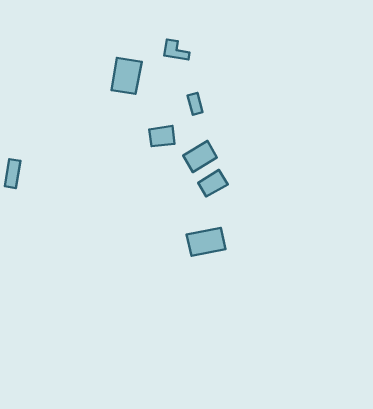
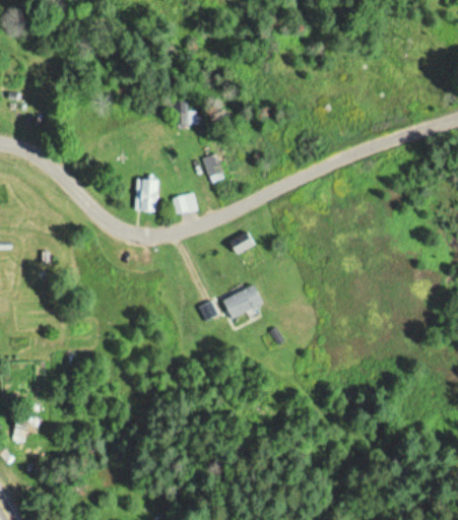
building: [112,58,142,94] -> [134,179,159,211]
building: [183,141,217,172] -> none

